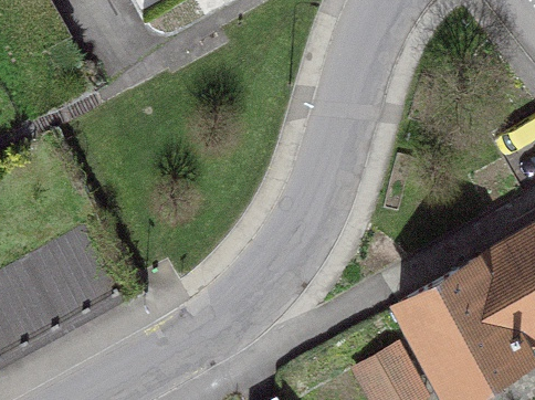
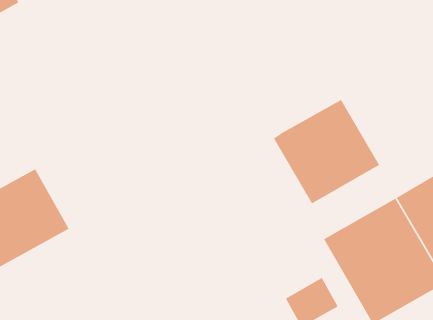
building: none -> [273,99,380,204]

